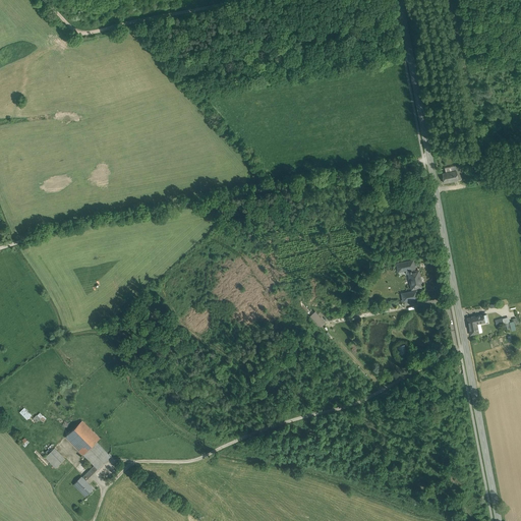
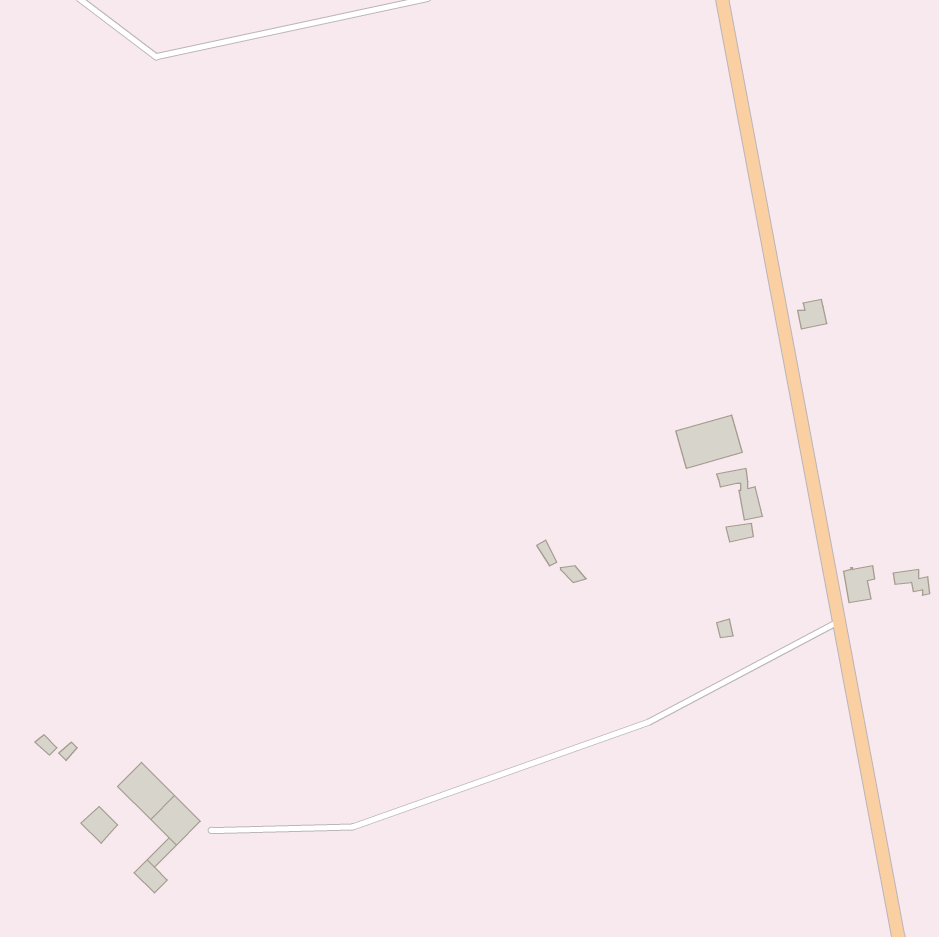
building: none -> [676,415,742,468]

